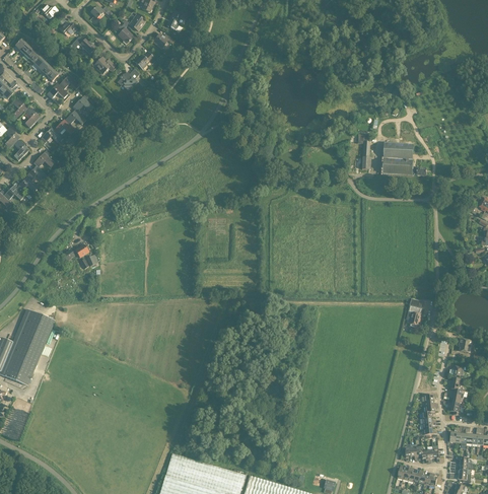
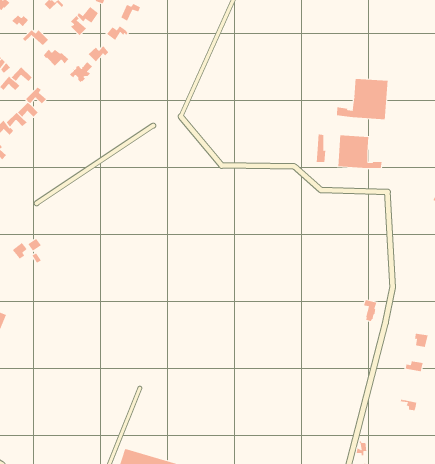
building: none -> [337,78,388,120]

